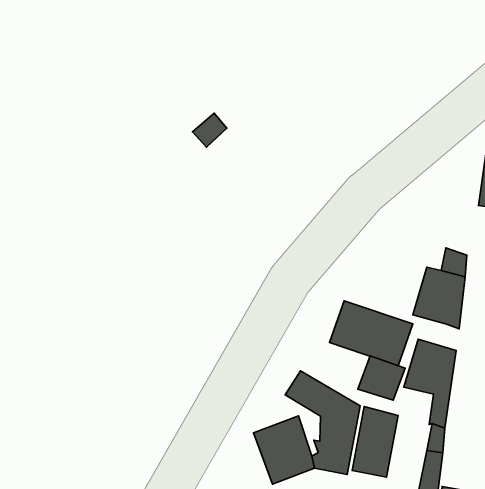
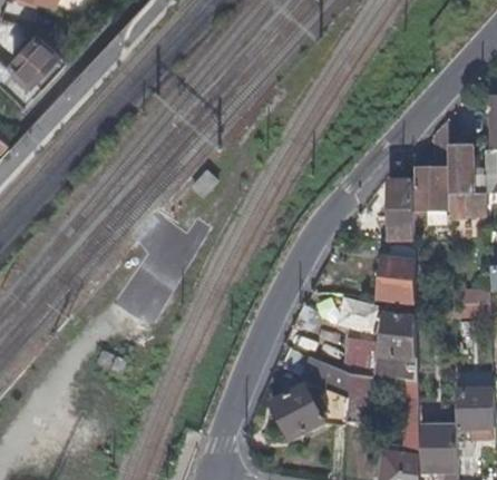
building: none -> [388,179,412,239]

